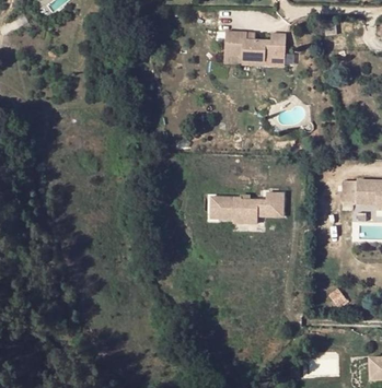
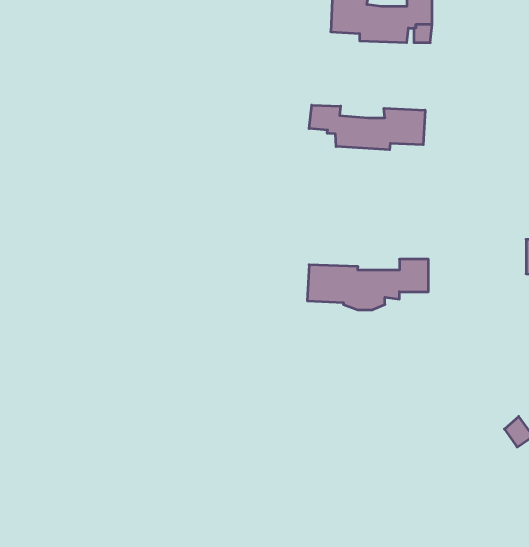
building: none -> [309,105,425,150]

